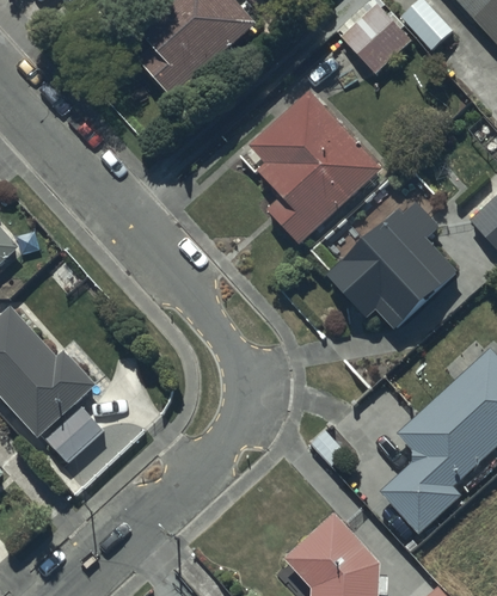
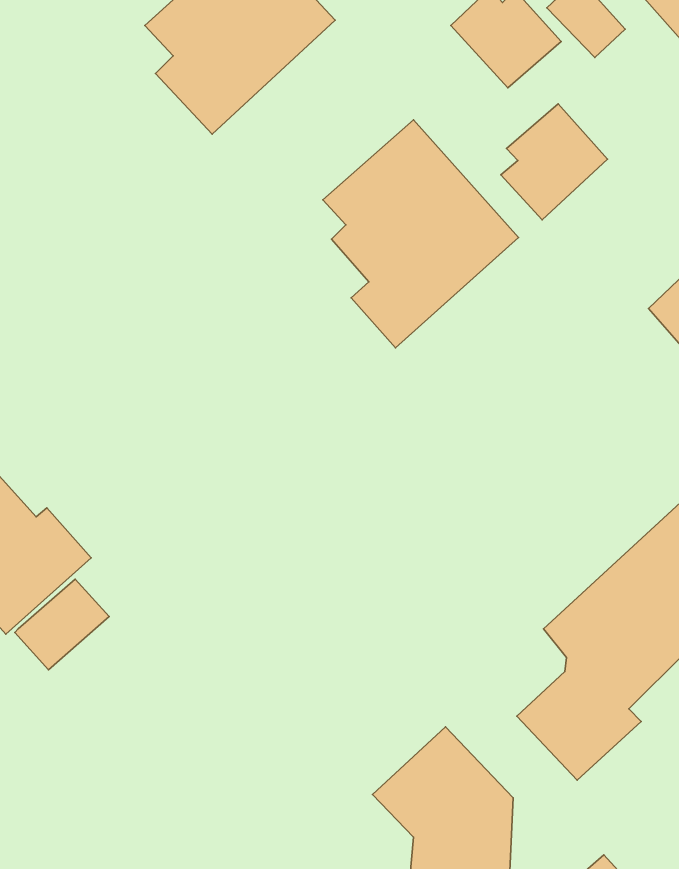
building: none -> [501,104,608,220]
building: [325,201,460,333] -> none

